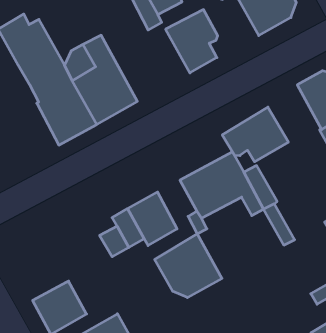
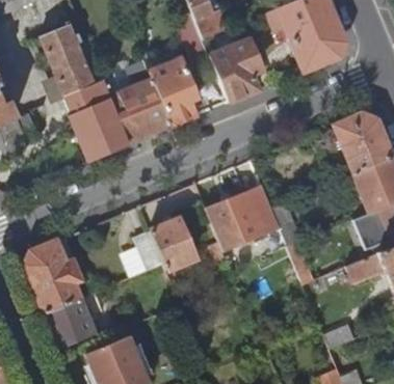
building: none -> [150,56,196,124]
building: [222,107,288,162] -> none
building: none -> [24,240,84,312]
building: [155,234,222,298] -> none

